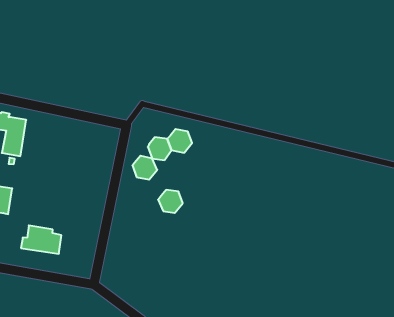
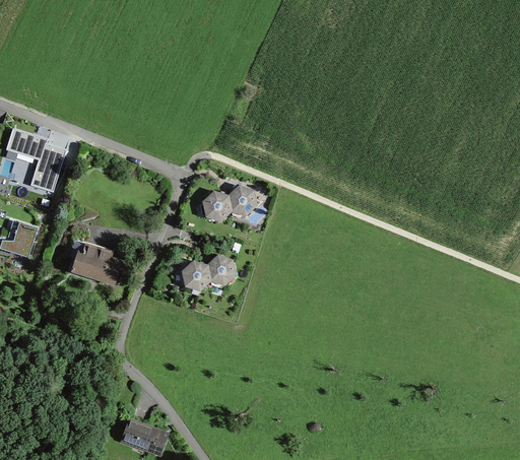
building: [132,156,157,180] -> [182,261,210,290]
building: [21,225,61,254] -> [71,245,121,283]

